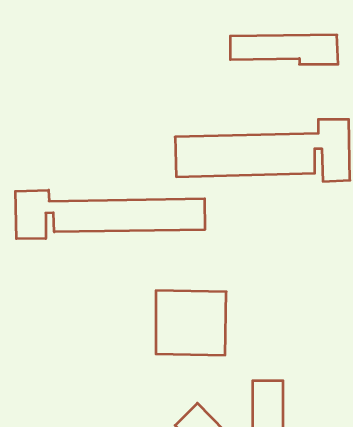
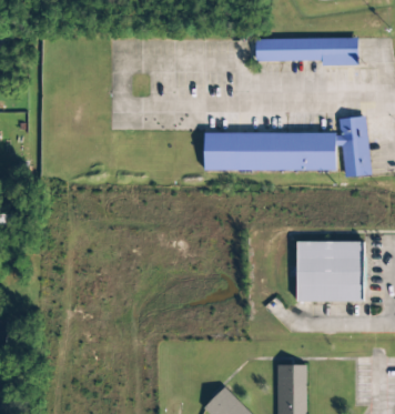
building: [15,190,205,239] -> none
building: [156,291,226,355] -> [297,241,364,302]

